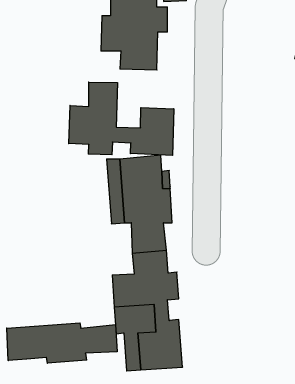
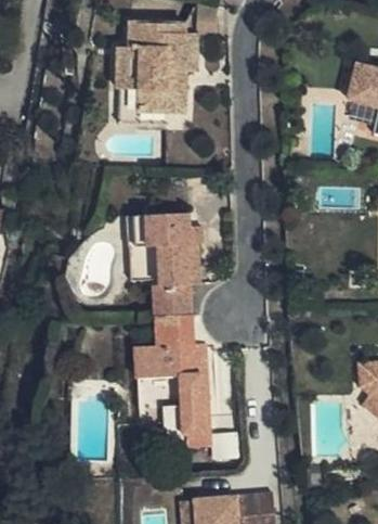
building: [69,82,174,155] -> none
building: [7,323,117,363] -> none

